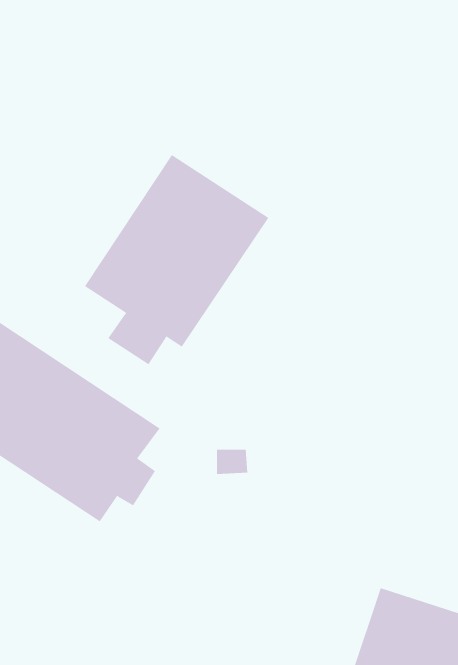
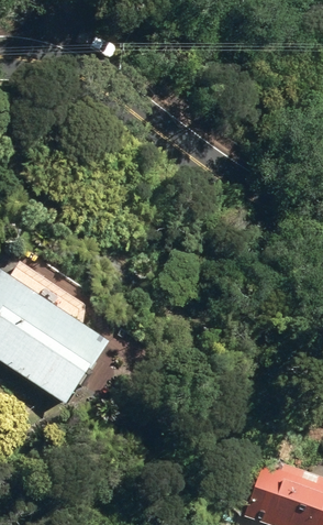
building: [84,154,269,365] -> none

